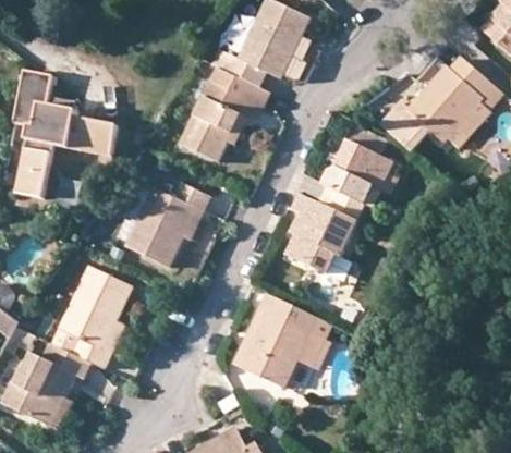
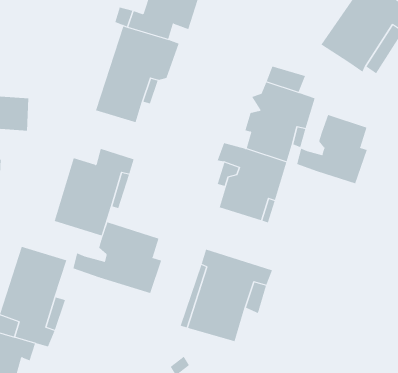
building: [381,101,429,151] -> none
building: none -> [296,114,367,184]
building: none -> [73,222,162,294]

